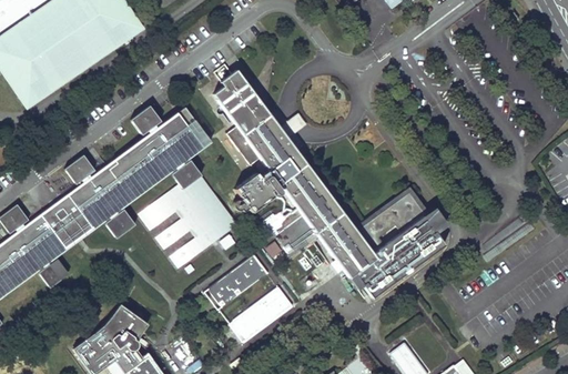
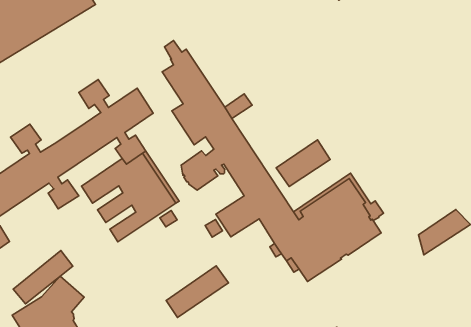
building: none -> [276,140,330,186]
building: [205,254,267,309] -> none
building: none -> [13,250,73,304]

